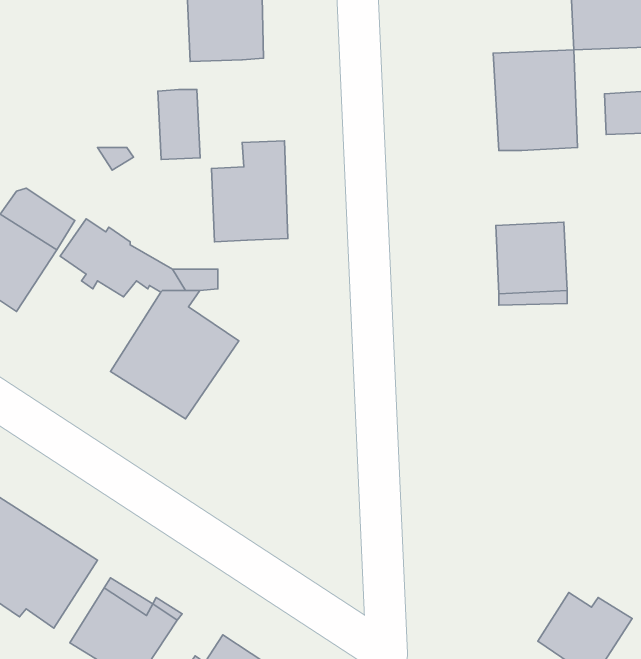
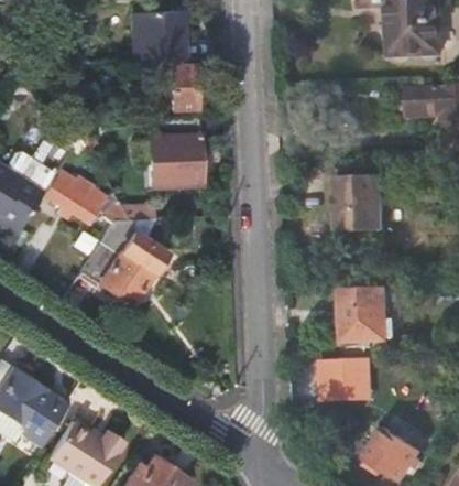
building: [493,50,578,150] -> none
building: [158,90,200,159] -> [167,63,196,110]
building: none -> [343,287,392,344]
building: none -> [324,359,374,400]

